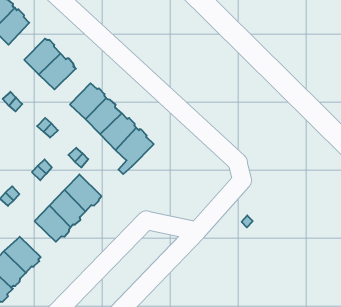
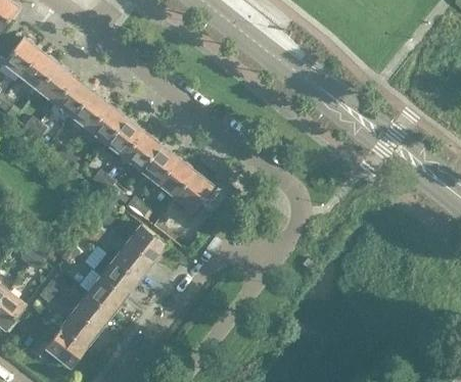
building: none -> [54,78,90,115]
building: none -> [105,118,141,155]
building: none -> [87,277,124,313]

